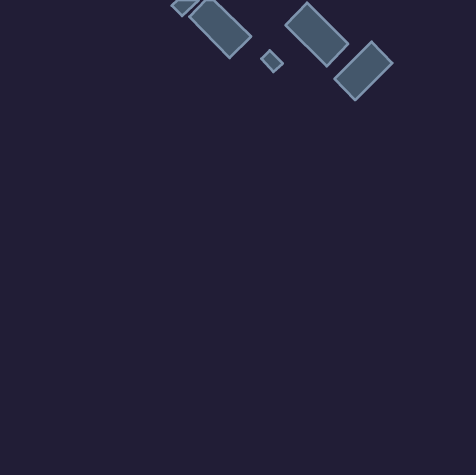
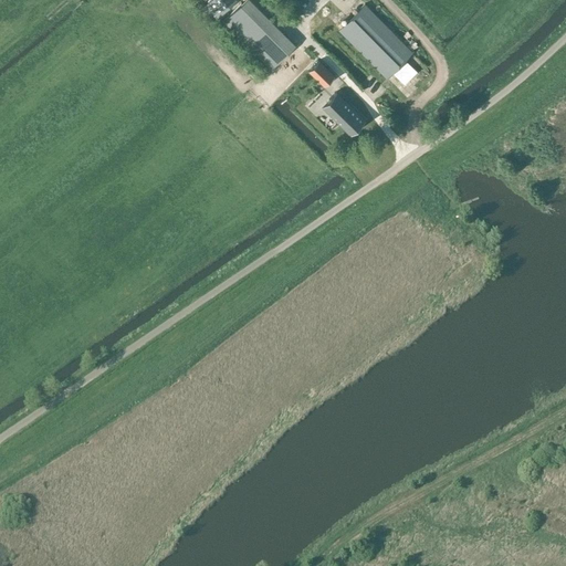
building: [335,42,392,100] -> none
building: none -> [323,93,366,136]

